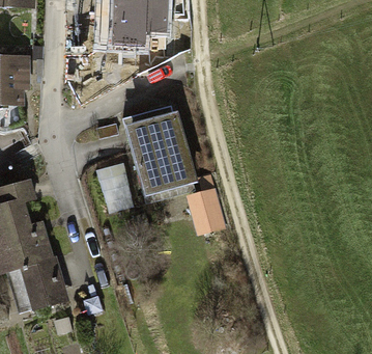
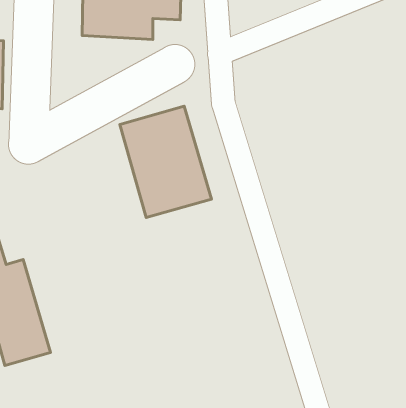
building: [104,161,133,209] -> none
building: [189,180,225,233] -> none

